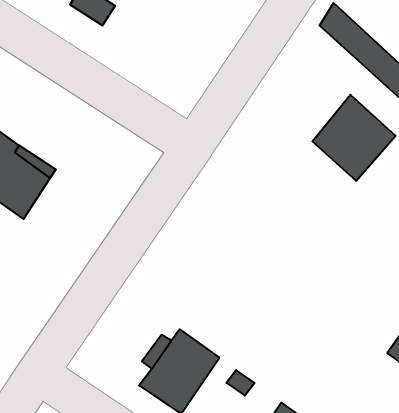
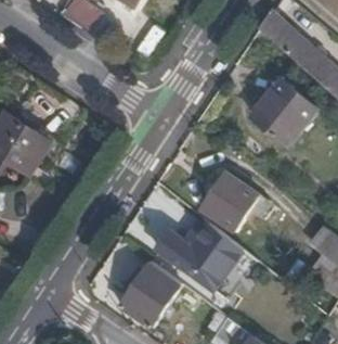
building: none -> [200,169,259,230]
building: none -> [155,220,239,286]

